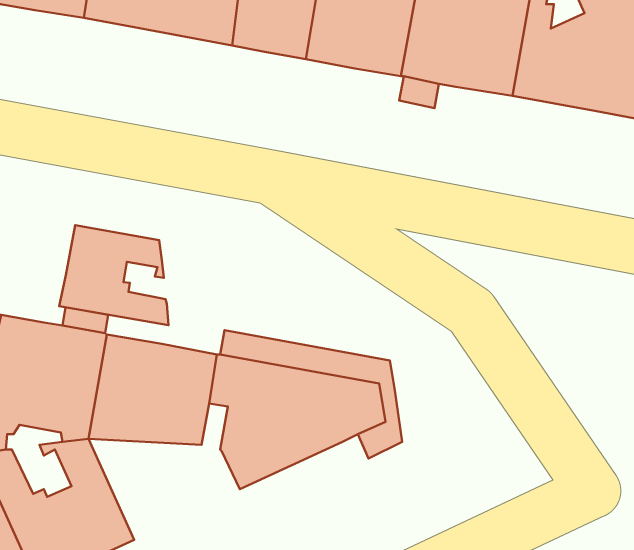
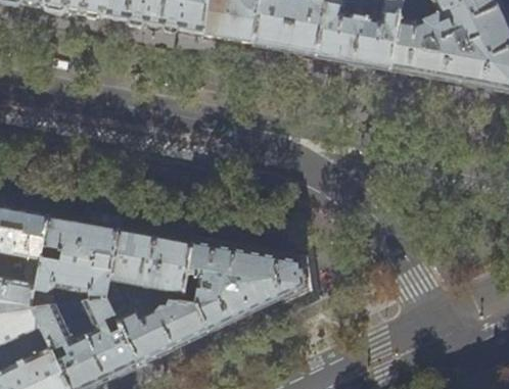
building: [59,225,169,325] -> none
building: none -> [106,298,207,366]

